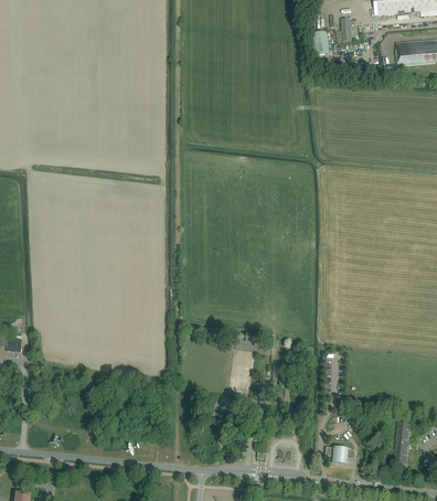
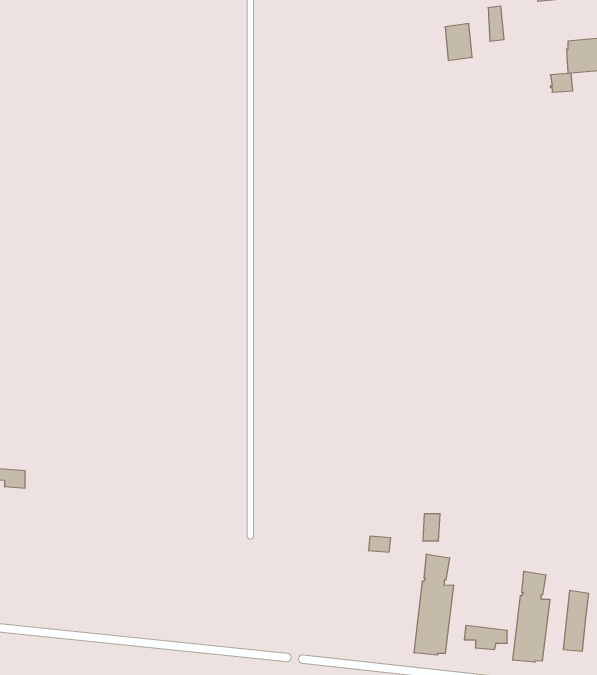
building: none -> [414,554,453,655]
building: none -> [513,571,550,662]

